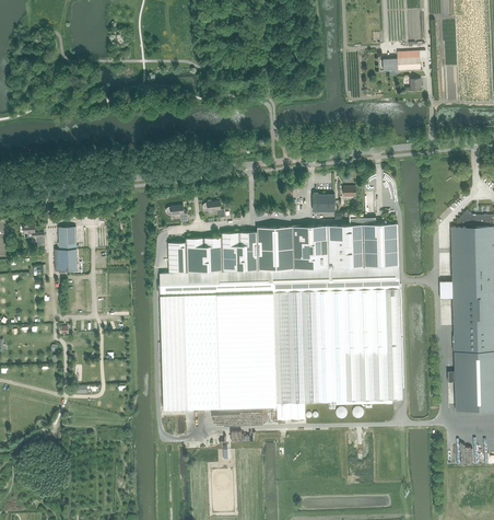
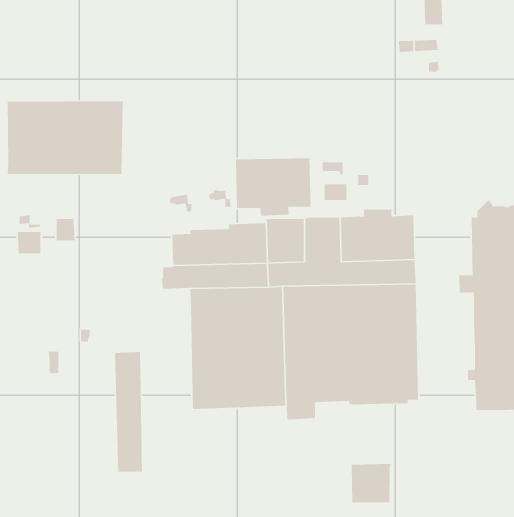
building: none -> [7,101,123,175]
building: none -> [235,158,311,217]
building: [54,250,77,271] -> [17,231,41,254]
building: [160,294,187,409] -> [114,351,143,473]
building: none -> [351,463,392,503]

